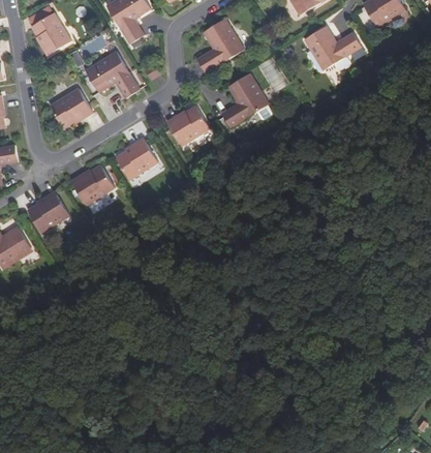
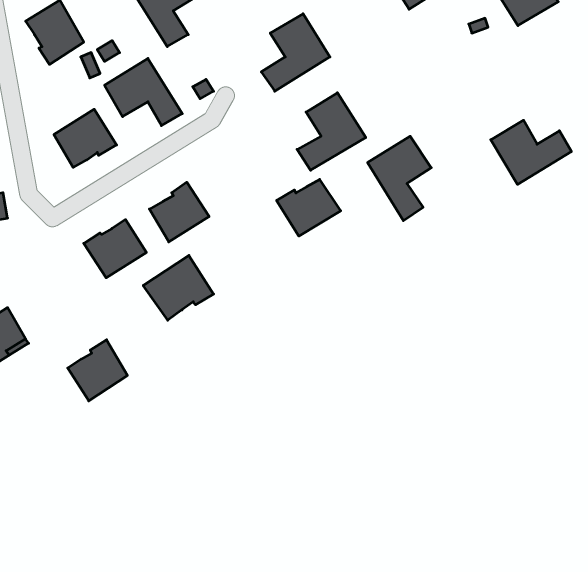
building: [302,28,358,72] -> [491,120,571,184]
building: none -> [368,136,431,221]
building: [164,108,209,147] -> [277,179,341,236]
building: none -> [143,255,214,320]
building: [29,189,70,232] -> [68,340,127,401]

